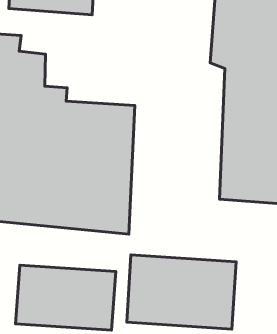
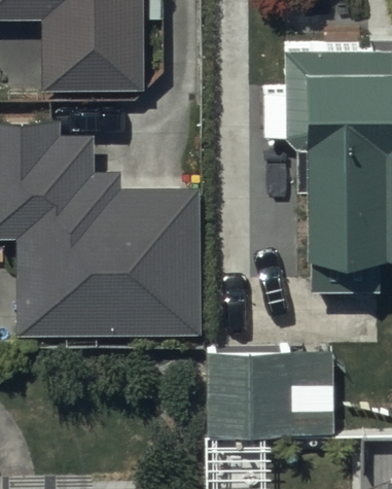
building: [15,265,116,330] -> none

